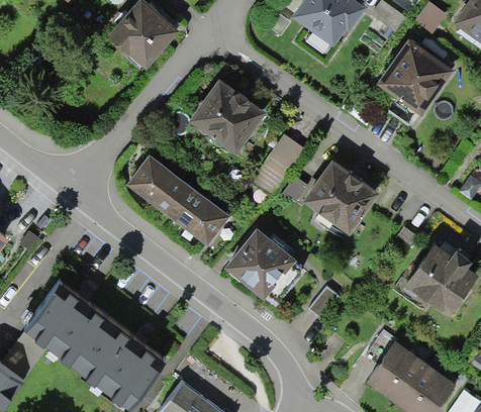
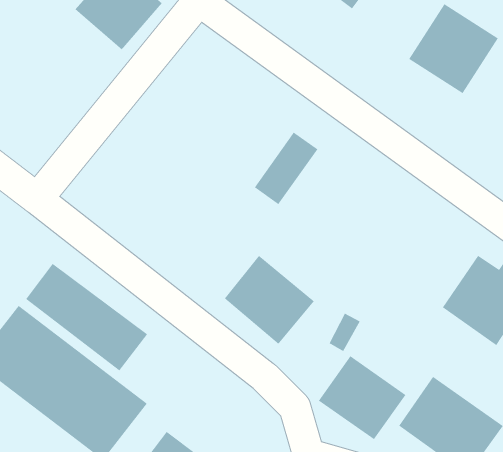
building: [190,89,263,160] -> none
building: [127,154,227,242] -> [25,263,148,371]
building: [303,172,375,241] -> none
building: none -> [318,355,406,440]

